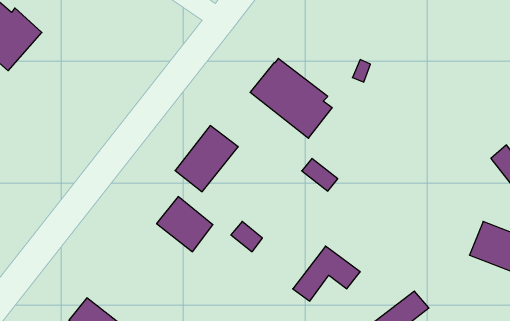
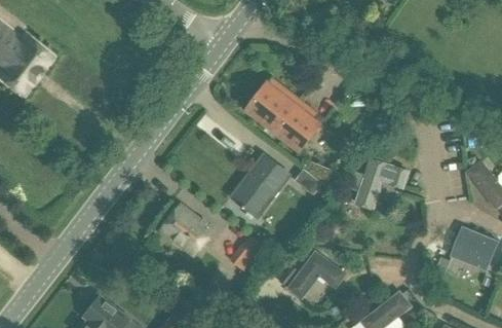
building: [175,126,238,192] -> [232,156,289,217]
building: none -> [352,159,408,213]

